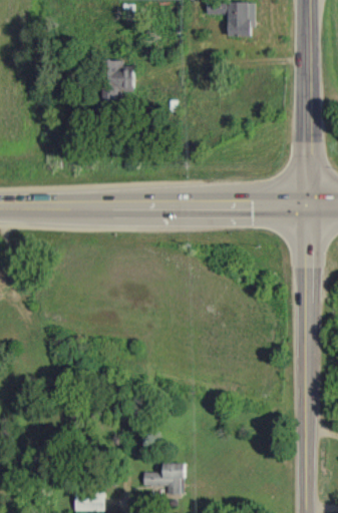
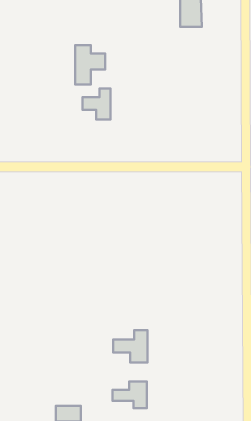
building: none -> [82,89,111,119]
building: none -> [113,330,148,363]

